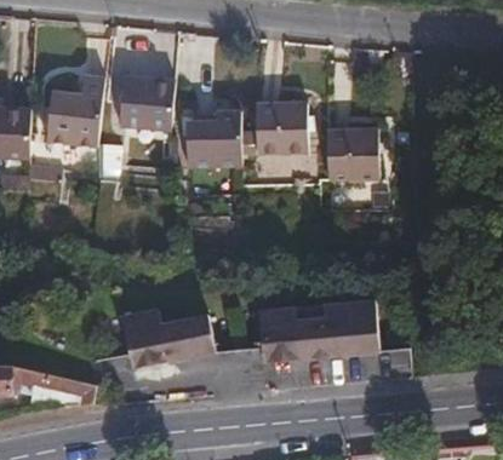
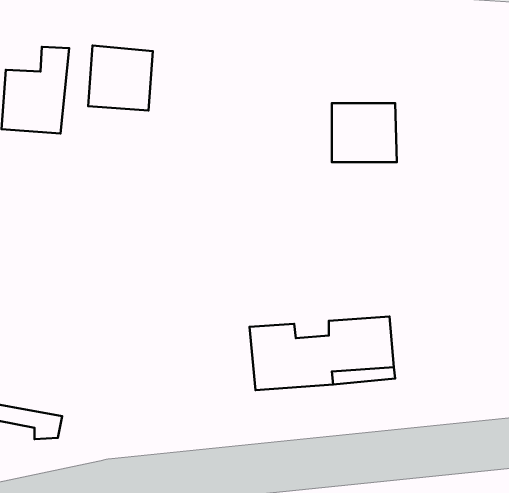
building: [256,91,310,142] -> none
building: [187,116,245,172] -> none
building: [116,307,208,366] -> none

